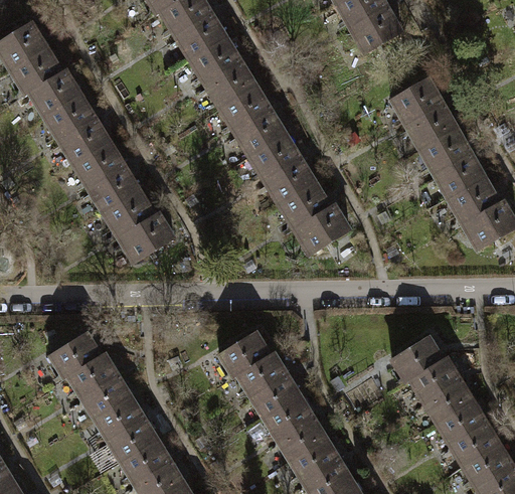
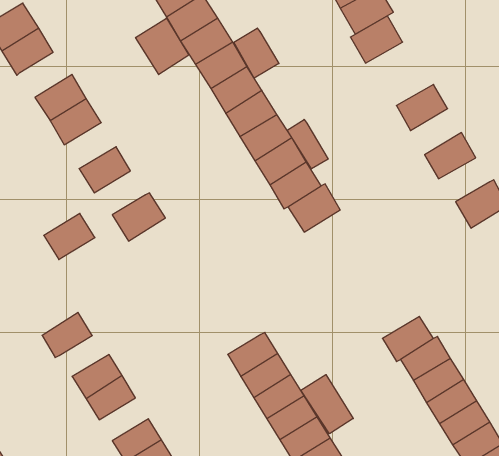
building: none -> [136,18,189,75]
building: none -> [234,28,279,78]
building: [29,70,81,118] -> none
building: [391,78,444,126] -> [350,16,403,63]
building: [420,129,472,175] -> none
building: none -> [287,119,328,169]
building: [73,143,126,189] -> none
building: [449,178,500,224] -> none
building: [104,191,155,237] -> [44,213,95,260]
building: [220,332,271,377] -> none
building: [68,354,119,397] -> none
building: none -> [301,375,353,434]
building: [109,419,158,462] -> none

